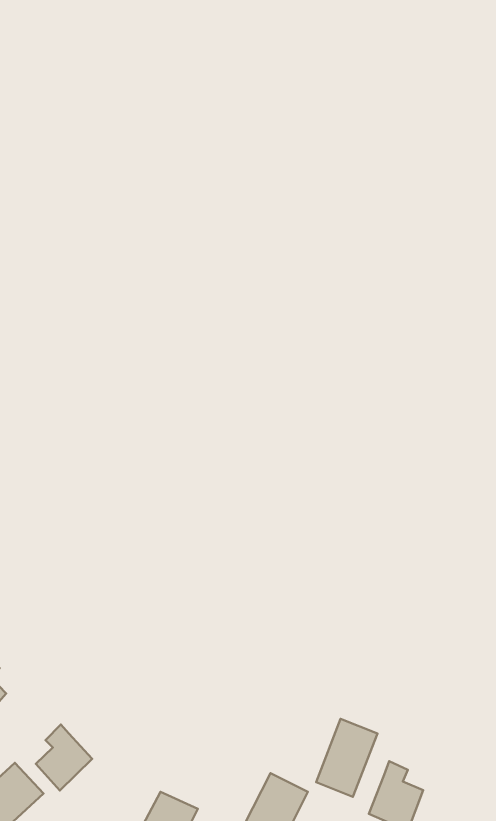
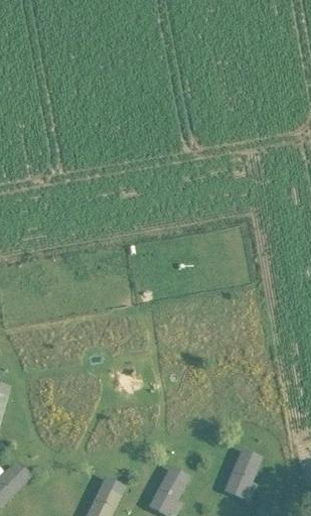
building: [316,719,377,797] -> none
building: [36,725,92,790] -> none

